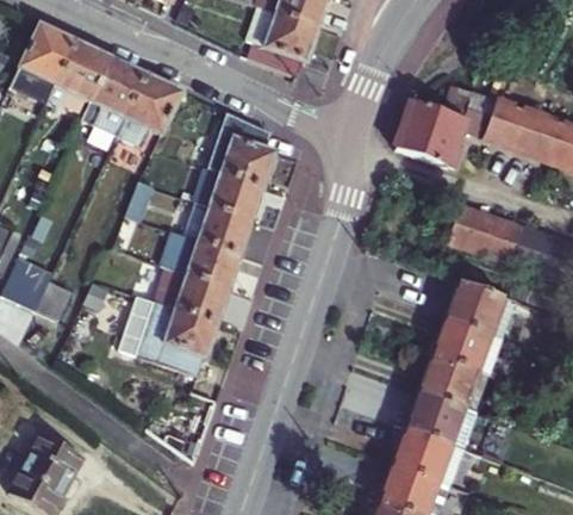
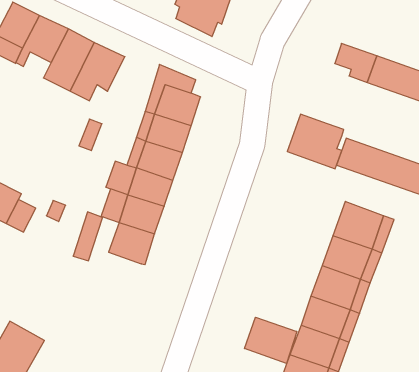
building: [393,98,463,166] -> [287,114,344,169]
building: [137,300,203,376] -> none
building: none -> [245,317,297,363]

